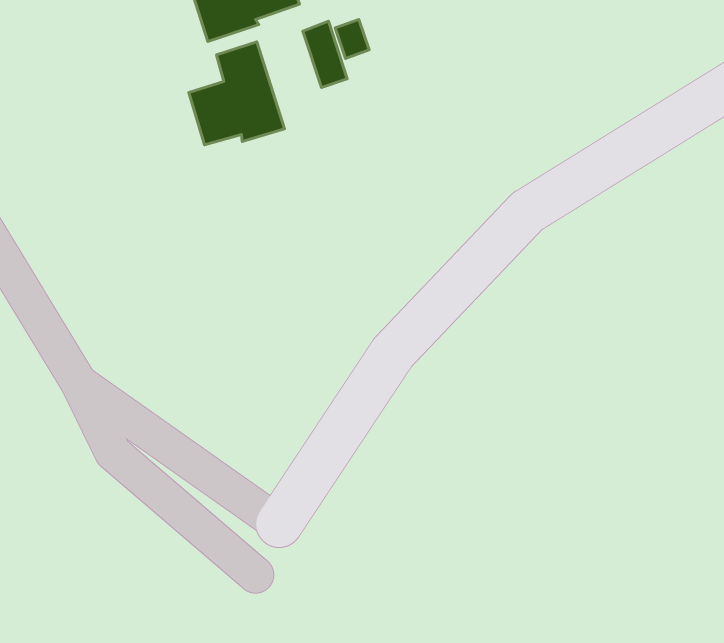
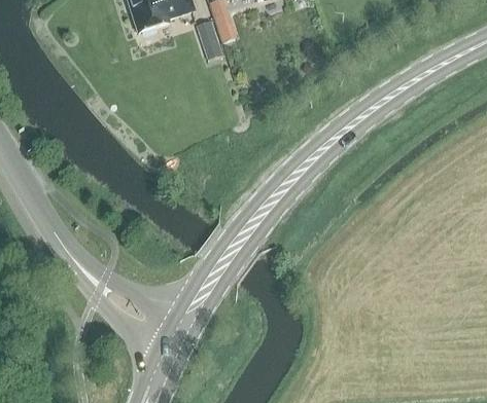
building: [189,42,285,145] -> none

